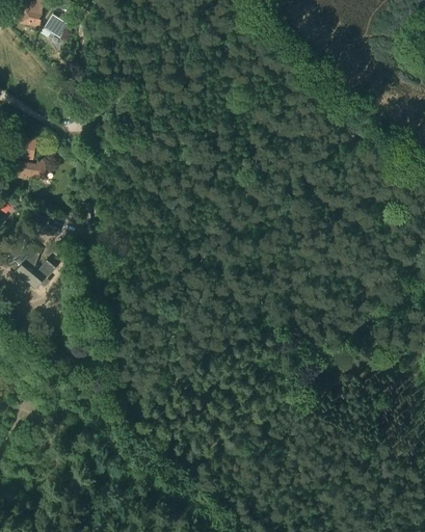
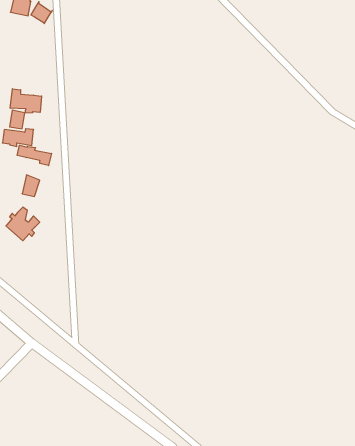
building: none -> [10,89,42,113]
building: none -> [17,145,52,166]

